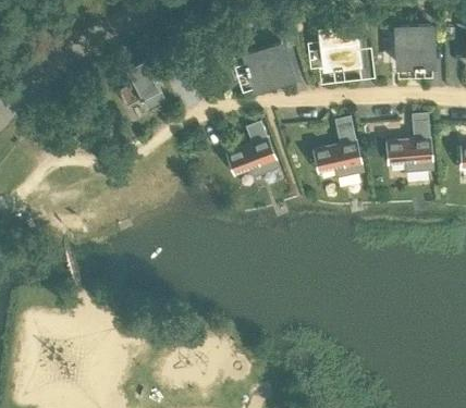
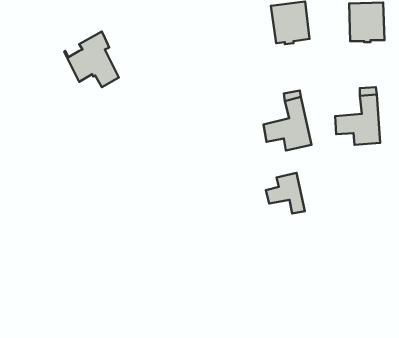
building: [245,44,292,88] -> none
building: [226,120,279,175] -> none
building: none -> [266,173,305,213]

